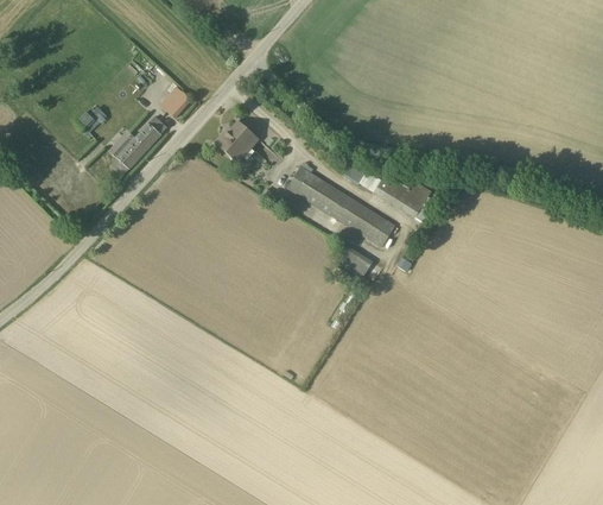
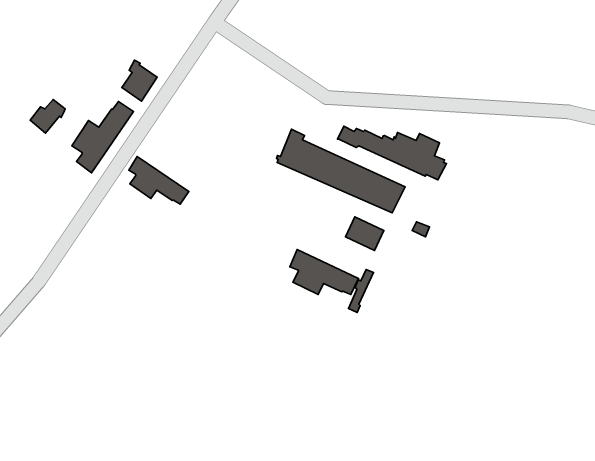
building: [216,121,260,164] -> none
building: none -> [129,156,189,204]
building: none -> [290,249,359,295]

